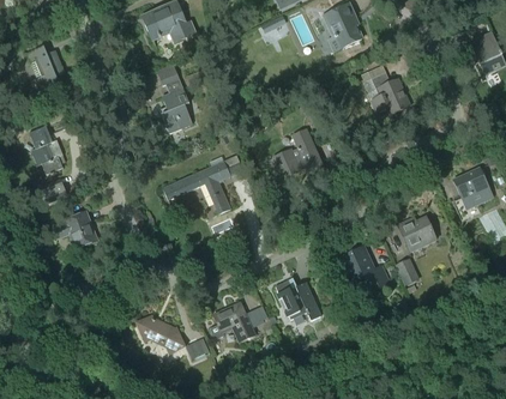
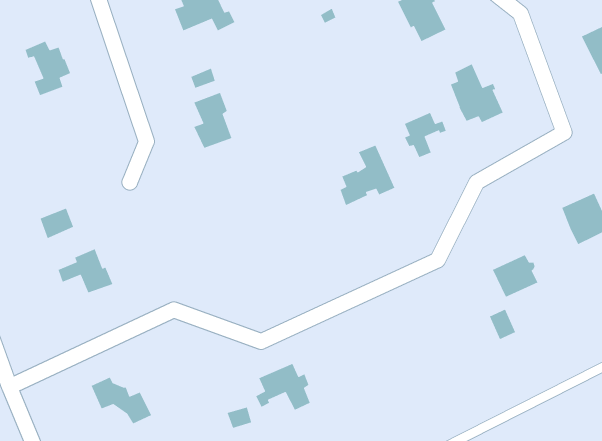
building: none -> [404,112,447,158]
building: [29,125,62,174] -> none
building: [162,159,230,213] -> none
building: [339,244,390,291] -> none
building: [275,279,320,320] -> none
building: [135,314,185,352] -> [90,376,152,425]

